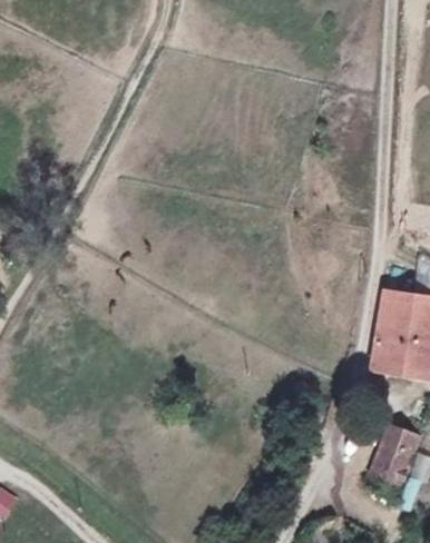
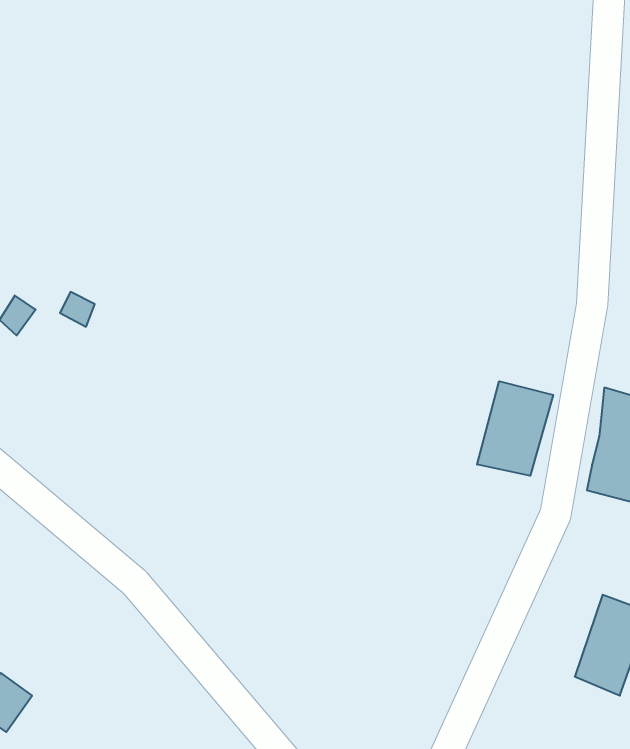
building: none -> [477,381,553,476]

